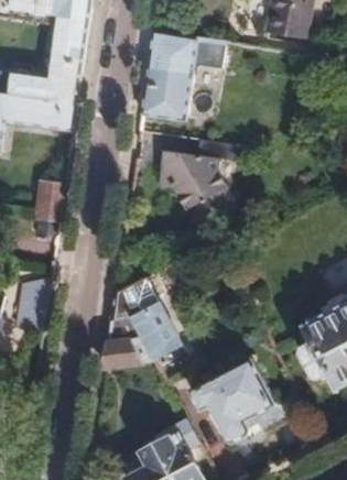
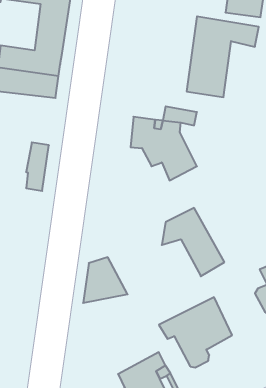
building: [141,29,225,122] -> [187,16,259,97]
building: [110,279,183,358] -> [162,208,224,276]
building: [17,282,45,332] -> none

